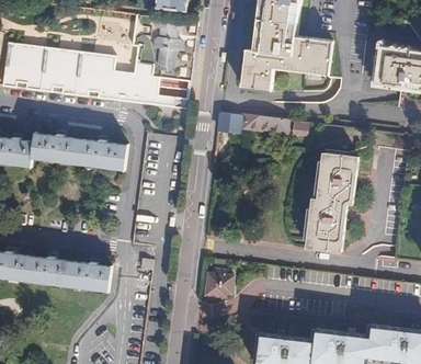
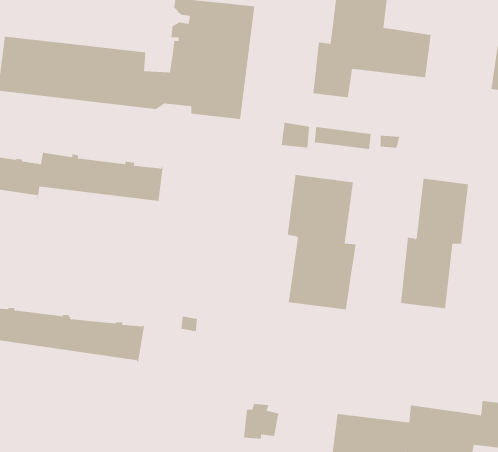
building: none -> [287,174,356,310]
building: [204,269,231,296] -> [243,403,279,439]

